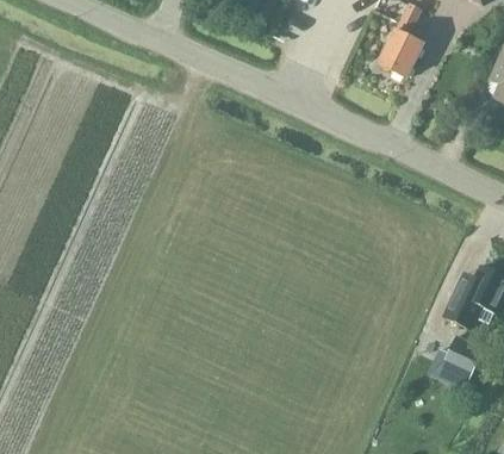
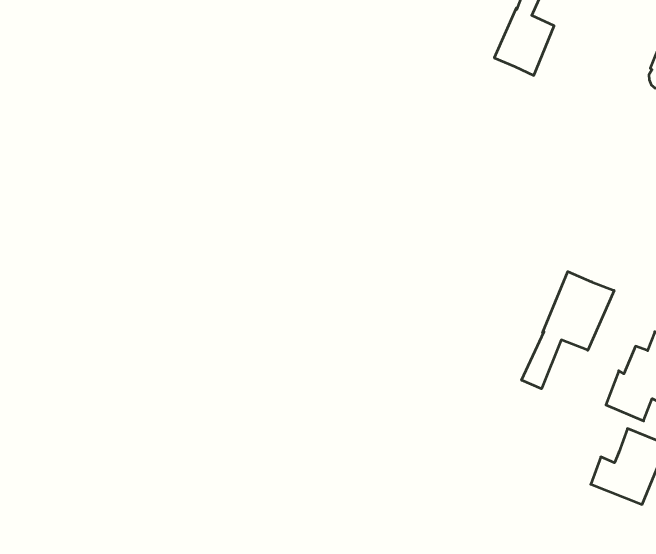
building: none -> [522,272,614,389]

